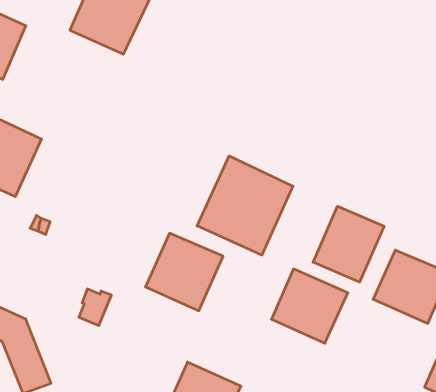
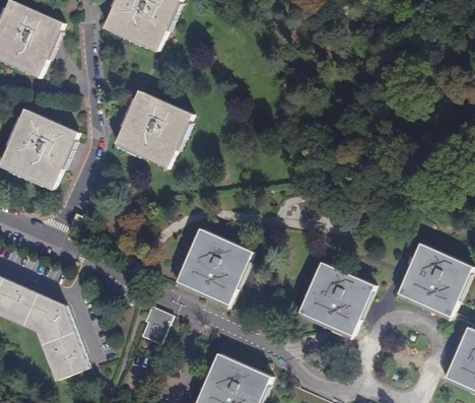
building: none -> [116,93,192,169]
building: [197,156,293,255] -> none
building: [313,206,384,282] -> none
building: [79,289,111,326] -> [138,307,169,342]

